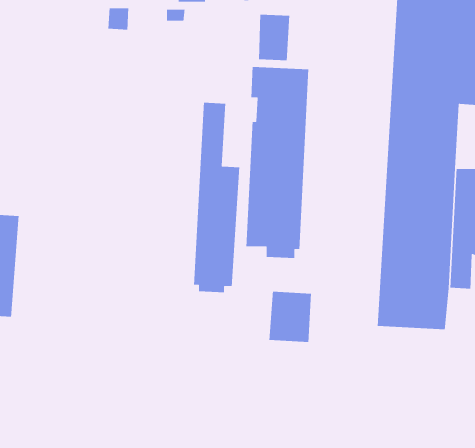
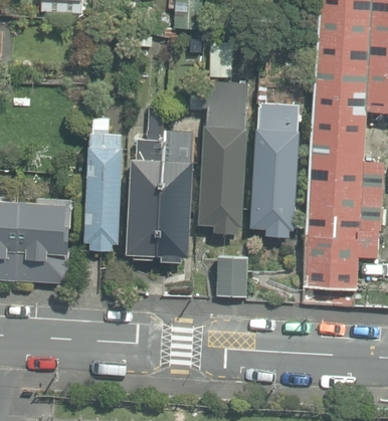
building: none -> [250,103,299,237]
building: none -> [127,110,165,258]
building: none -> [85,120,124,249]
building: none -> [14,197,71,283]

